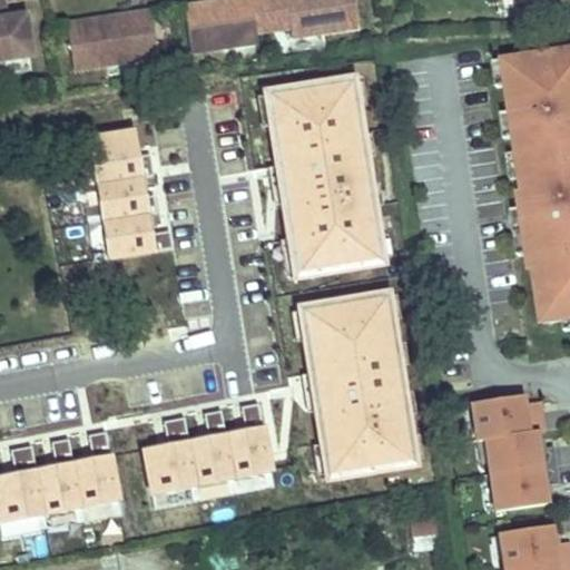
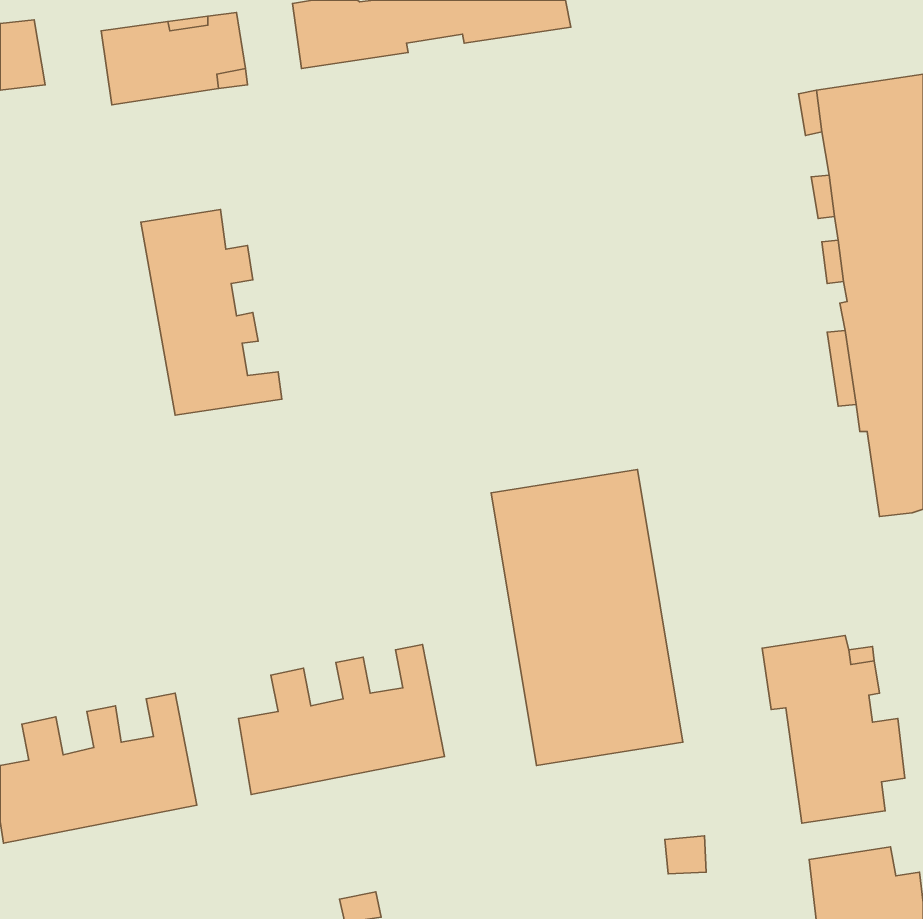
building: [267,71,387,271] -> none

